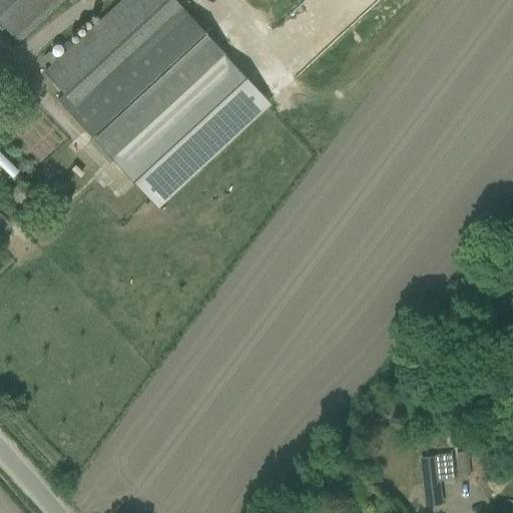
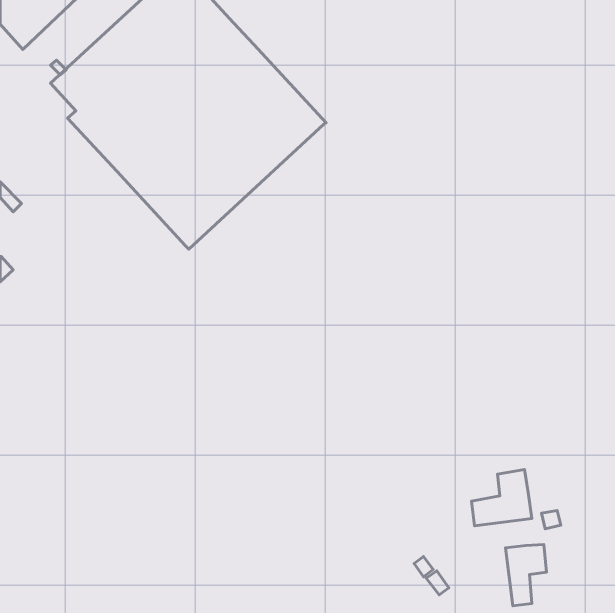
building: none -> [472,470,532,526]

